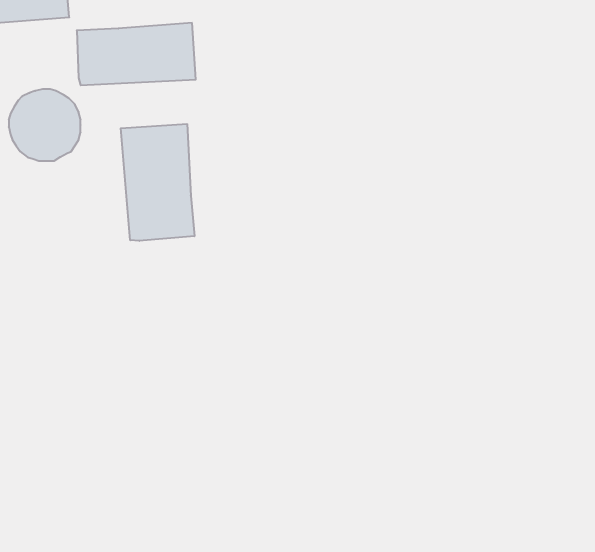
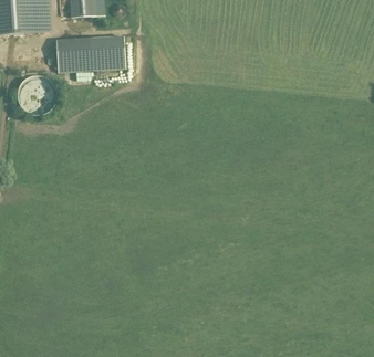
building: [121,124,194,241] -> none

